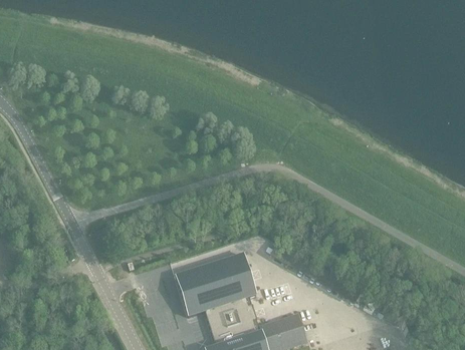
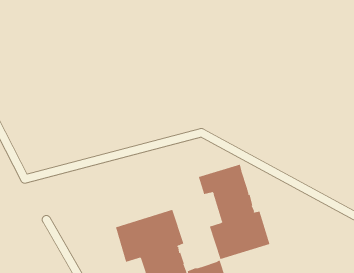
building: none -> [198,164,270,260]

